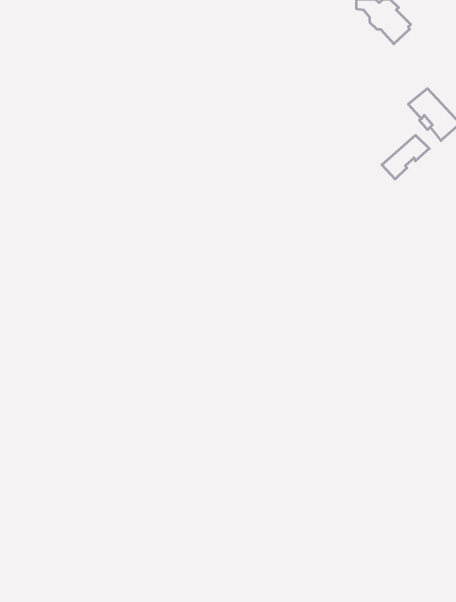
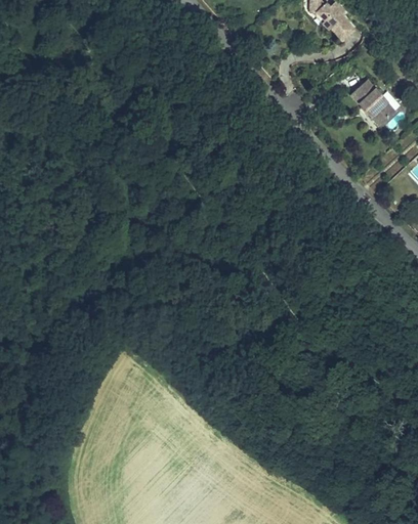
building: [382,135,429,179] -> none

